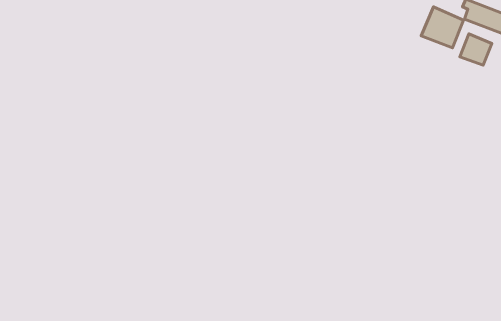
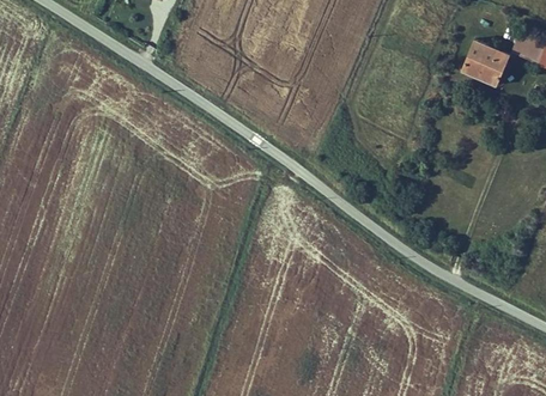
building: [460,34,492,65] -> none

